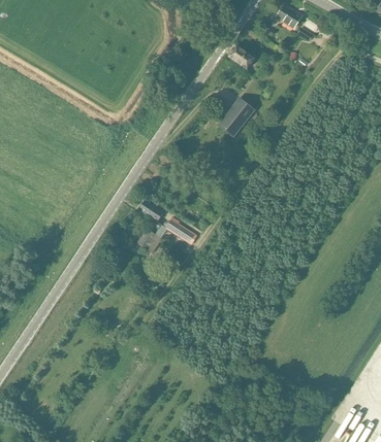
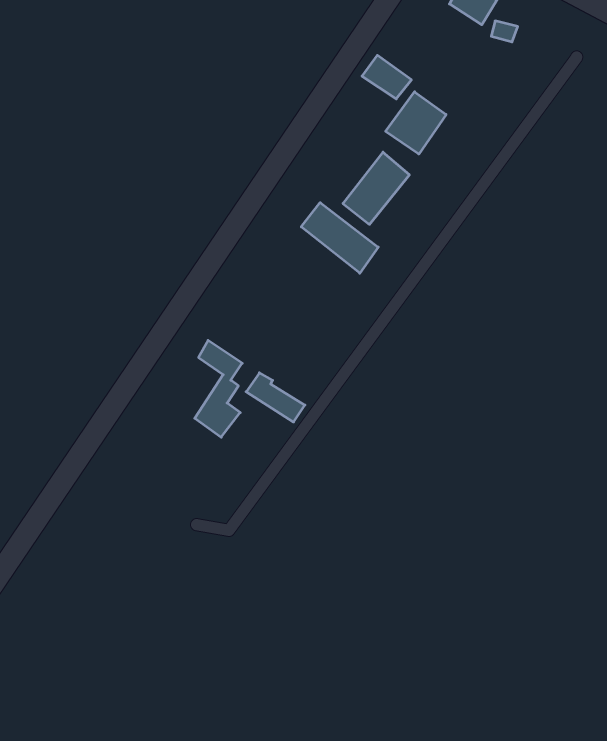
building: none -> [386,92,446,154]
building: none -> [301,203,378,273]

